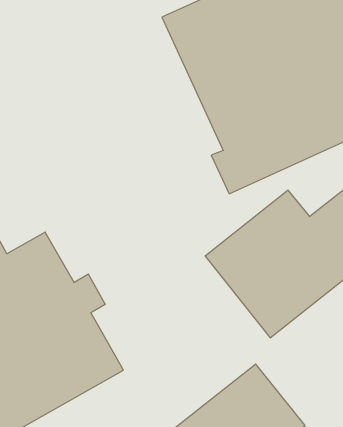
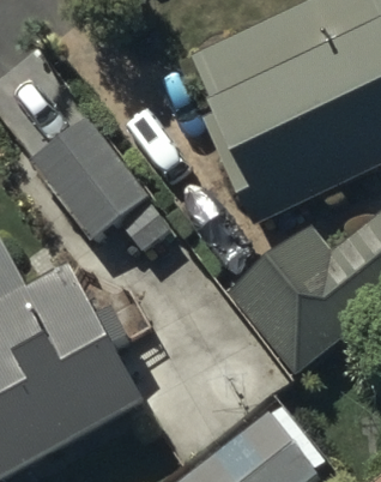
building: none -> [28,116,171,248]

